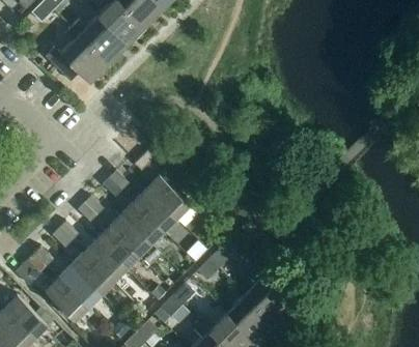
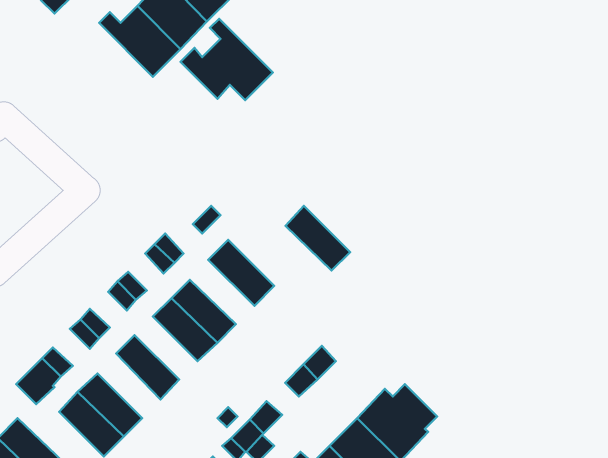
building: [45,29,107,84] -> [181,19,273,100]
building: [132,189,175,232] -> [285,206,350,270]
building: [94,227,137,269] -> none
building: [69,252,112,295] -> none

